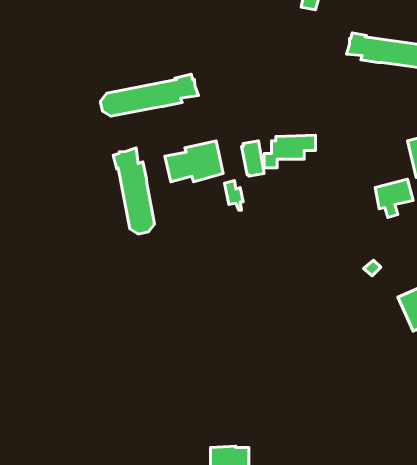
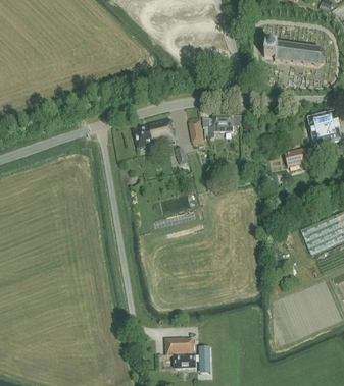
building: [100,74,198,116] -> none
building: [113,148,154,234] -> none

